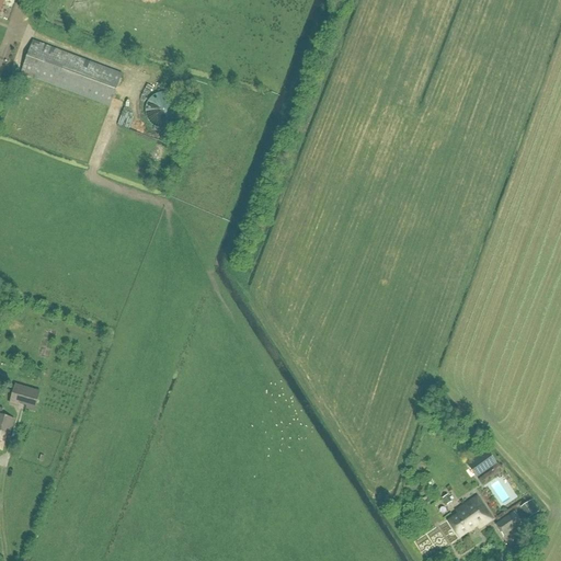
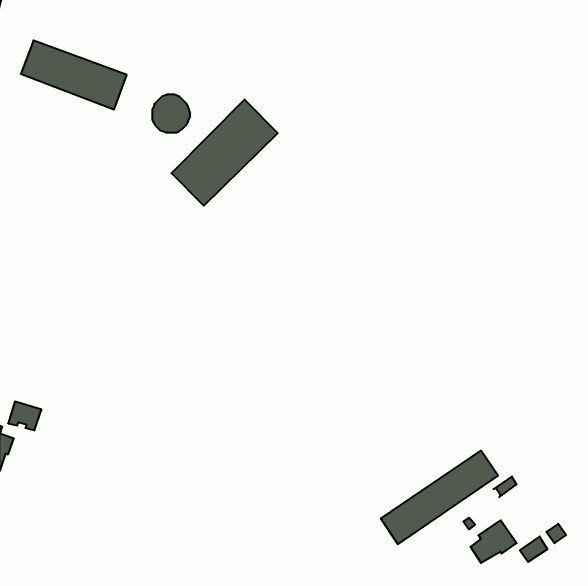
building: none -> [171,99,278,206]
building: none -> [381,451,498,544]

